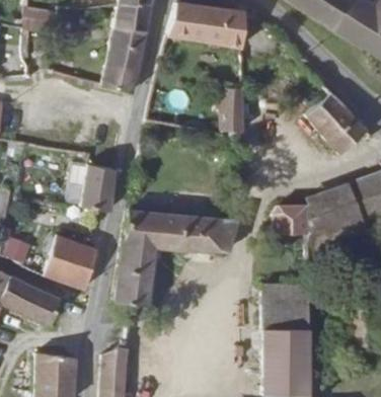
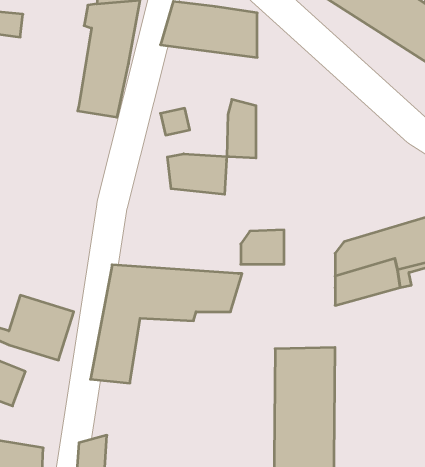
building: [309,96,368,155] -> none
building: none -> [167,154,227,194]
building: [81,165,119,213] -> none
building: [272,204,306,231] -> [241,230,284,264]

